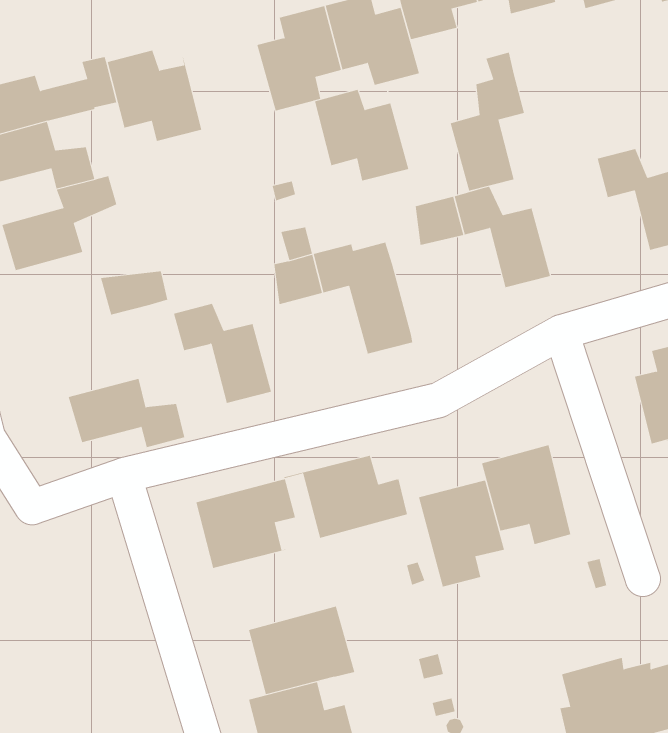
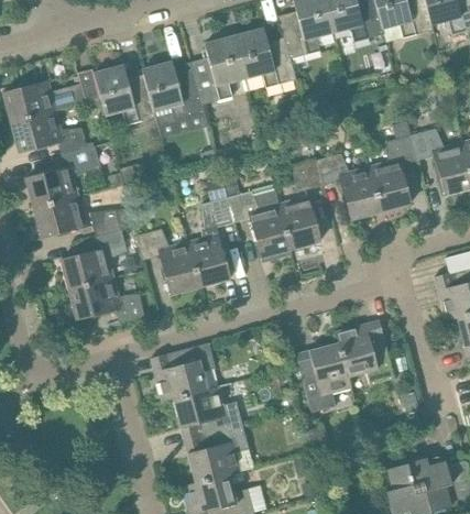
building: [450,52,525,191] -> [369,121,417,211]
building: [314,89,409,181] -> [143,62,205,121]
building: none -> [34,196,86,238]
building: none -> [278,196,320,249]
building: none -> [61,230,128,289]
building: none -> [188,234,230,286]
building: [284,455,408,538] -> [162,386,242,440]

